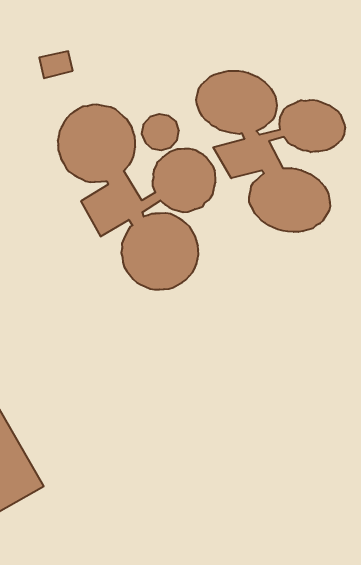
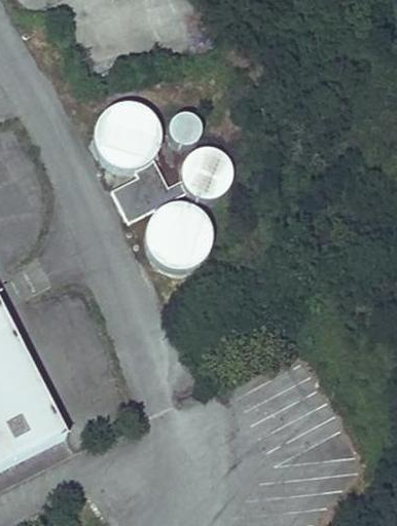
building: [196,71,345,232] -> none

